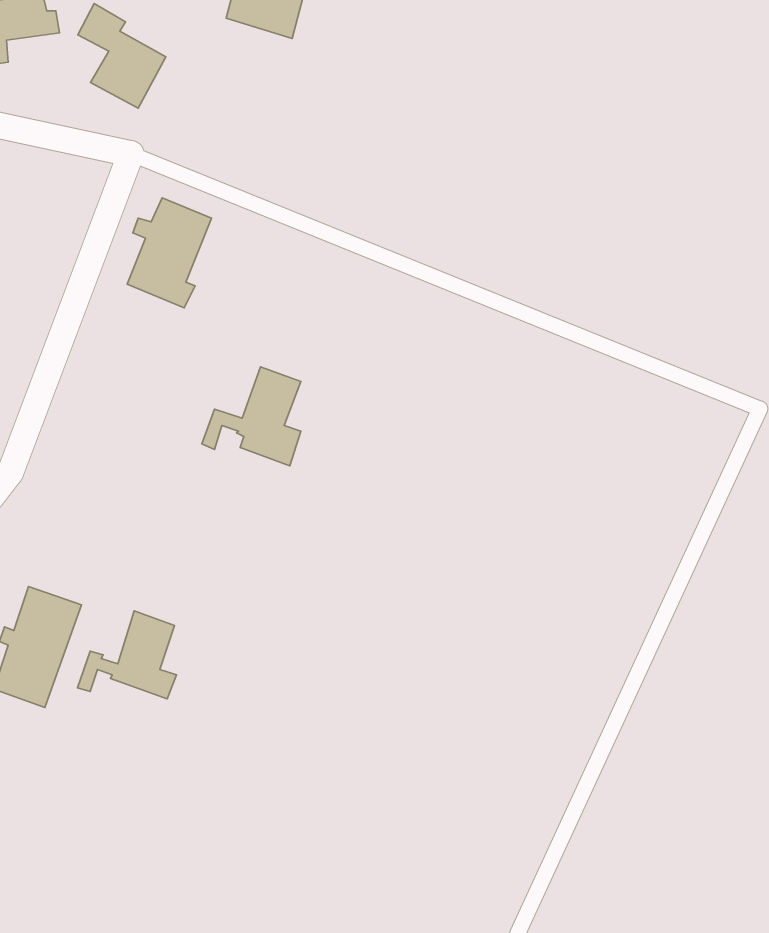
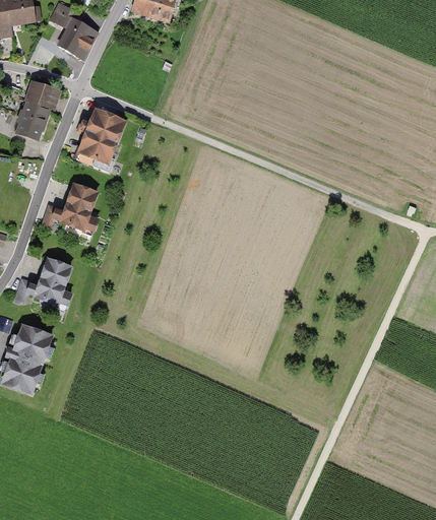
building: none -> [17,81,56,139]
building: [202,367,301,466] -> [42,184,97,239]
building: [77,611,176,699] -> [16,258,71,307]

